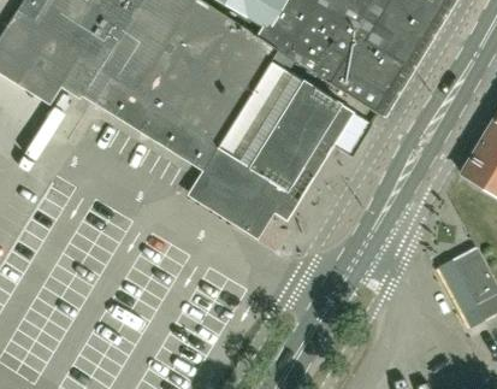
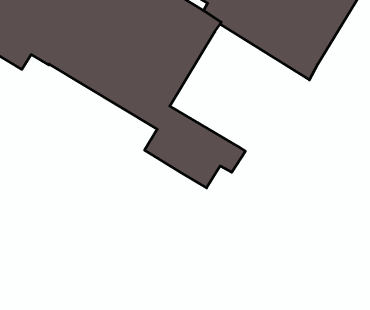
building: [219,59,350,191] -> none

